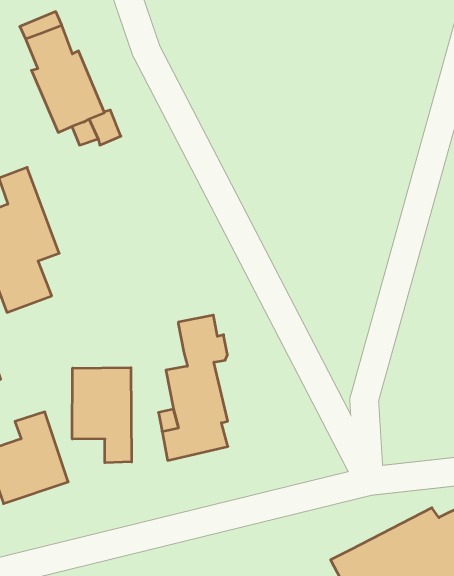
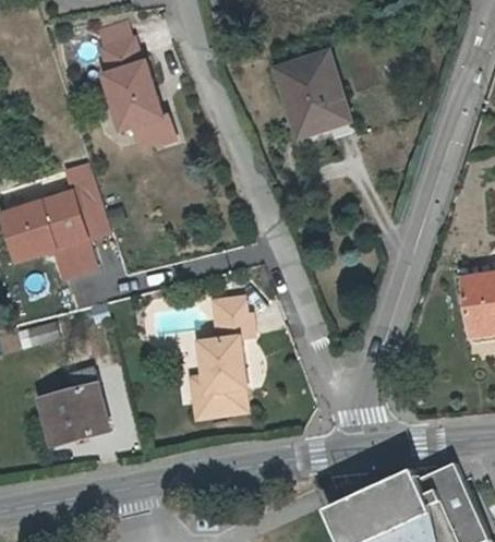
building: none -> [275,56,349,141]
building: [72,368,132,463] -> none

